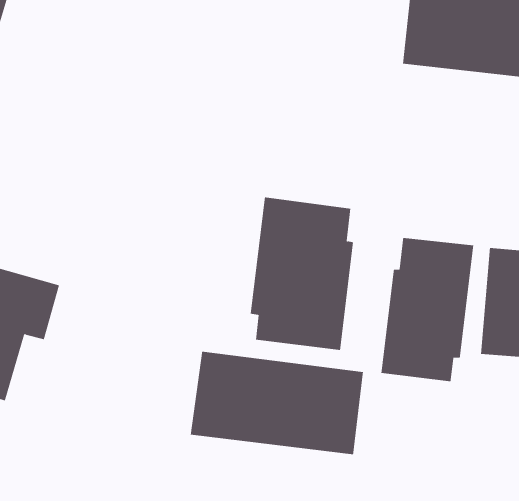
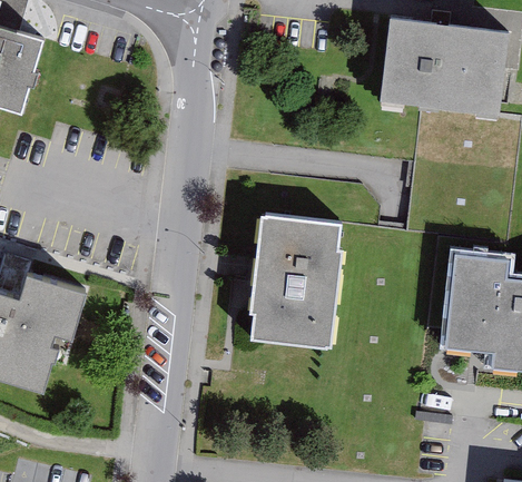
building: [381,237,474,382] -> none
building: [190,351,363,455] -> none

